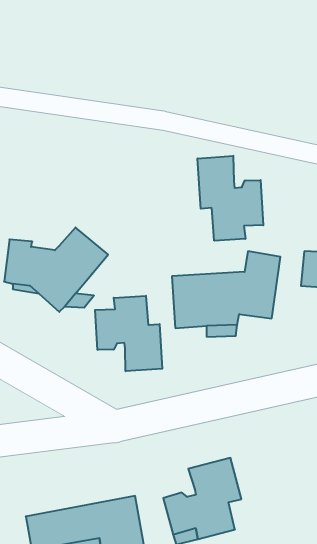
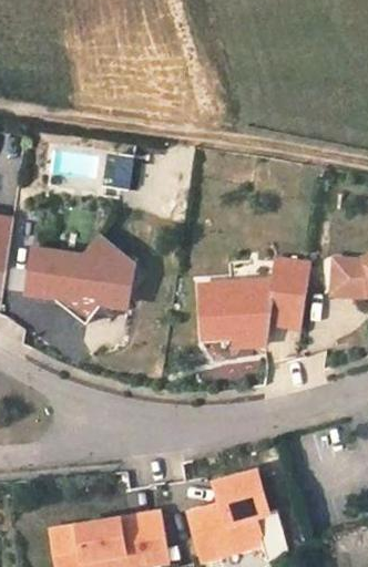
building: [198,156,263,241] -> none
building: [95,296,162,371] -> none

